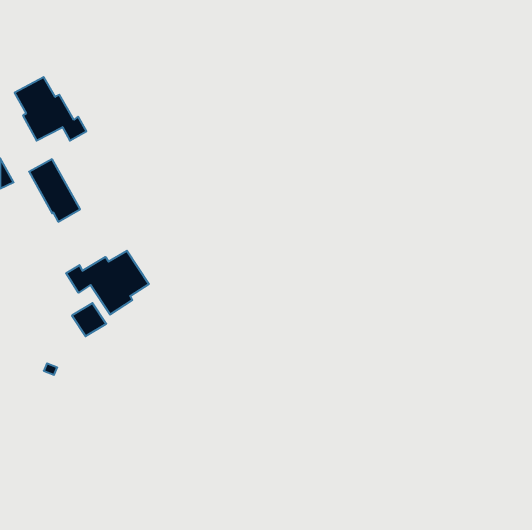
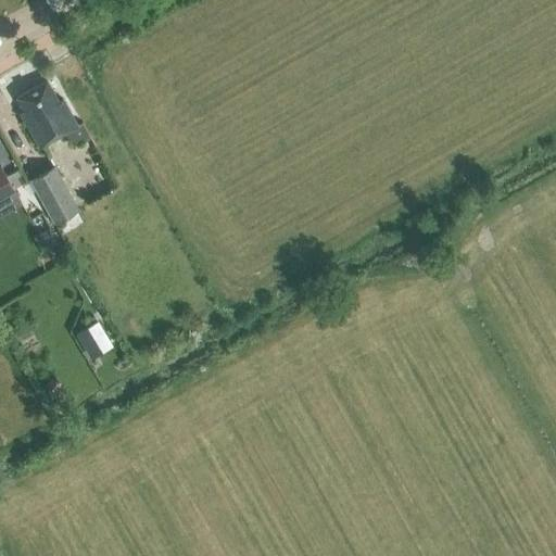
building: [66,251,149,315] -> none

